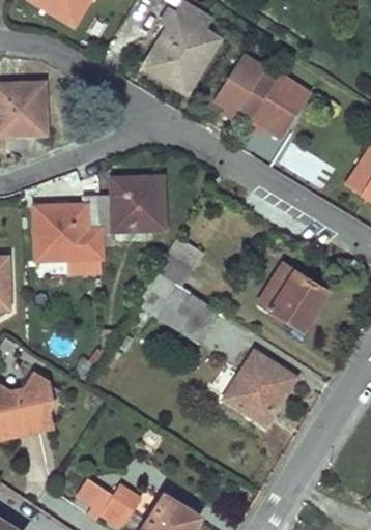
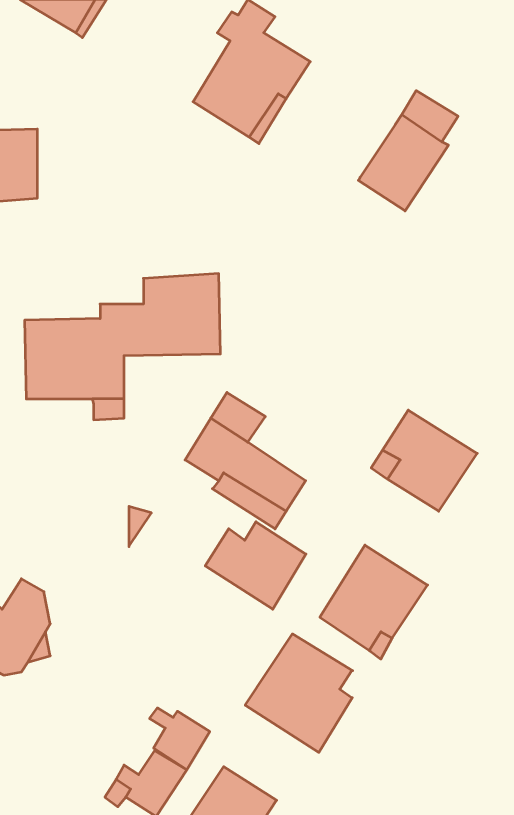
building: [212,53,275,115] -> none
building: none -> [205,522,306,609]
building: none -> [245,634,353,752]
building: none -> [150,708,210,770]

